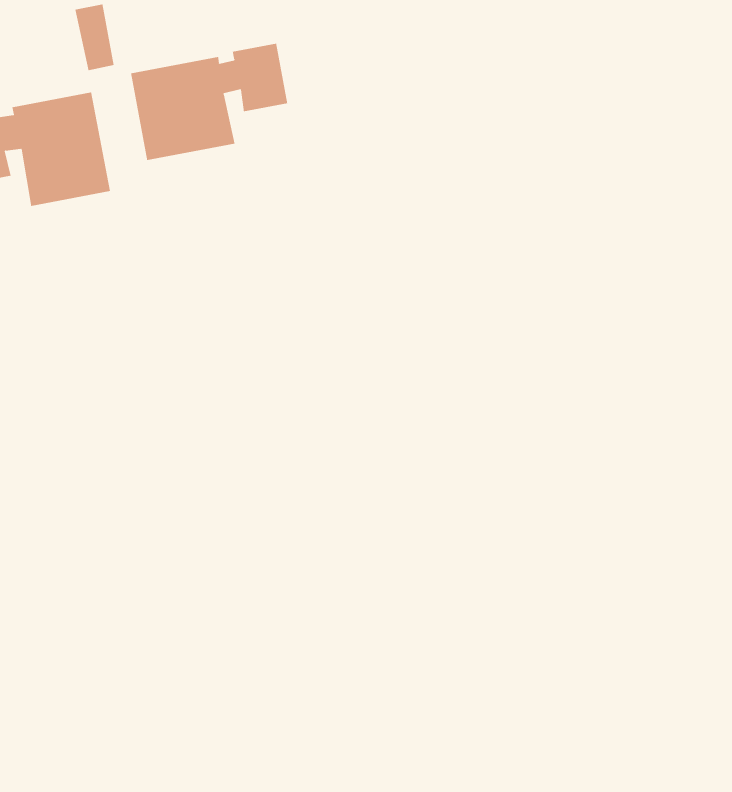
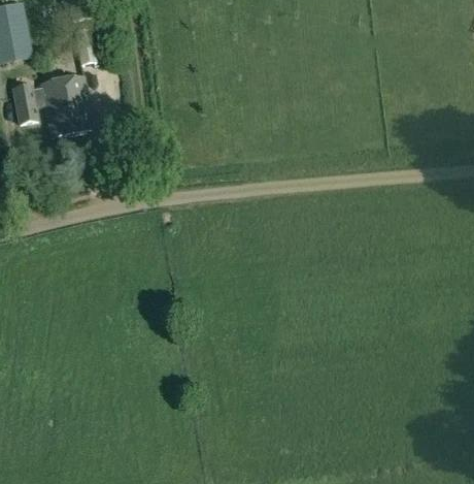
building: [130,43,288,161] -> none

